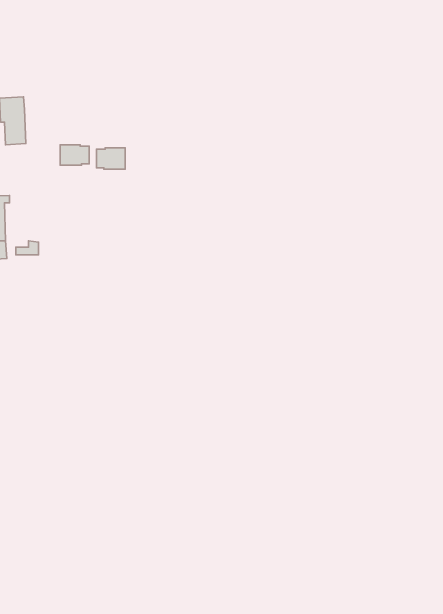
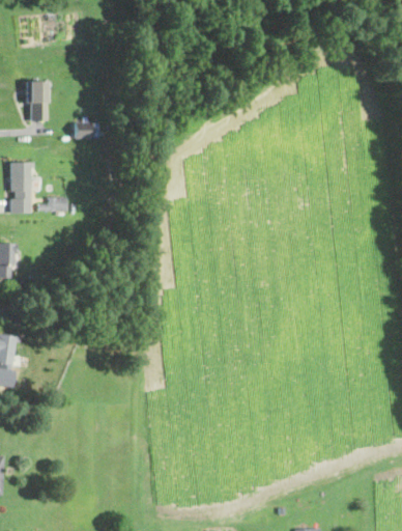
building: [96,148,125,169] -> none

